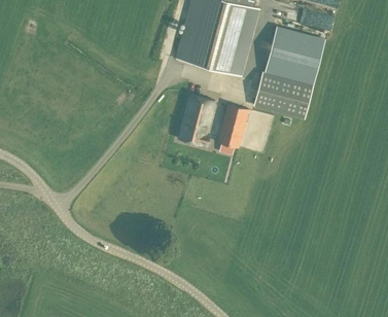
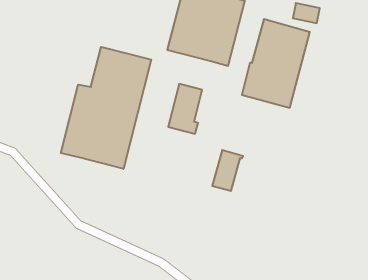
building: none -> [61,47,151,169]
building: [217,105,249,147] -> [212,150,243,191]

